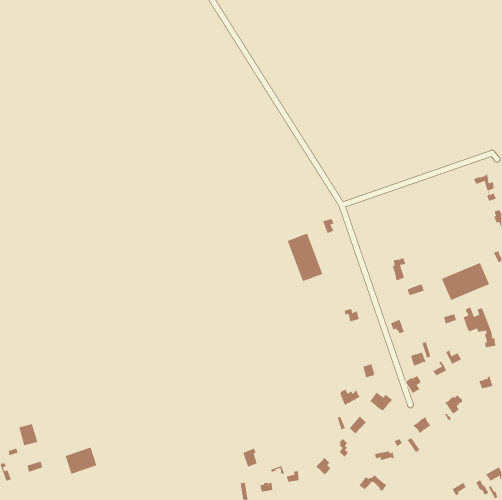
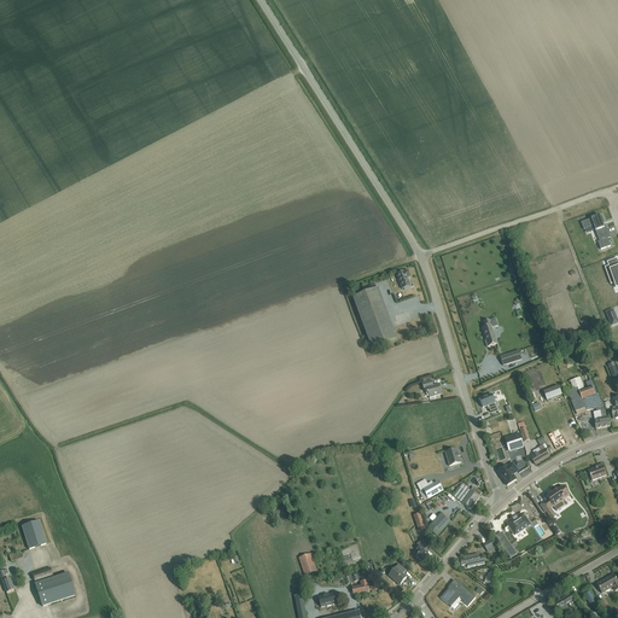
building: [441,262,490,301] -> none
building: [65,447,97,474] -> [35,572,75,606]

